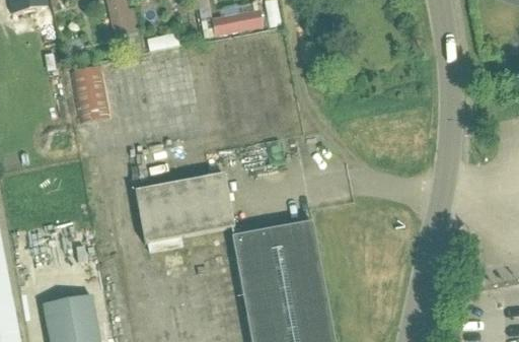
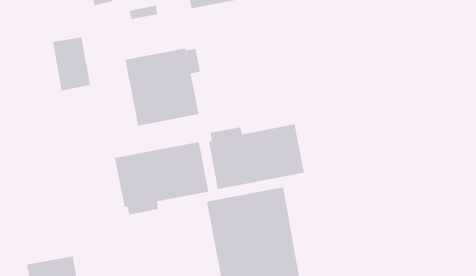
building: none -> [125,48,200,126]
building: none -> [208,123,305,190]

